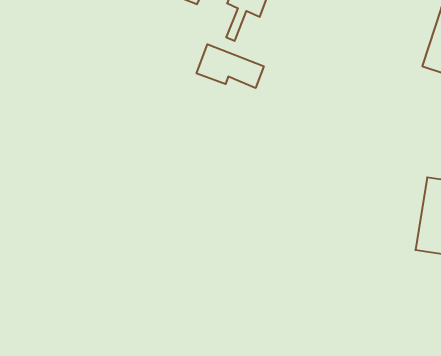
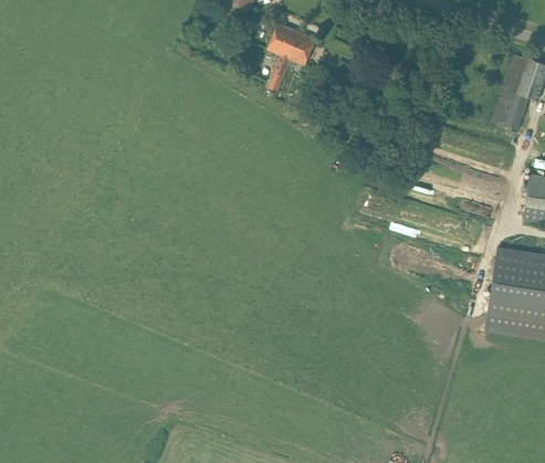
building: [197,44,264,88] -> none

